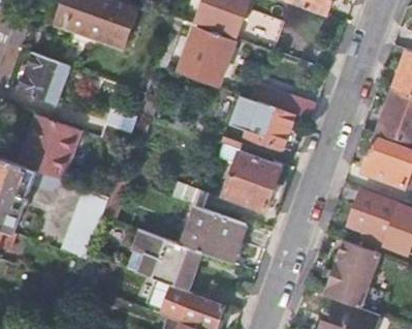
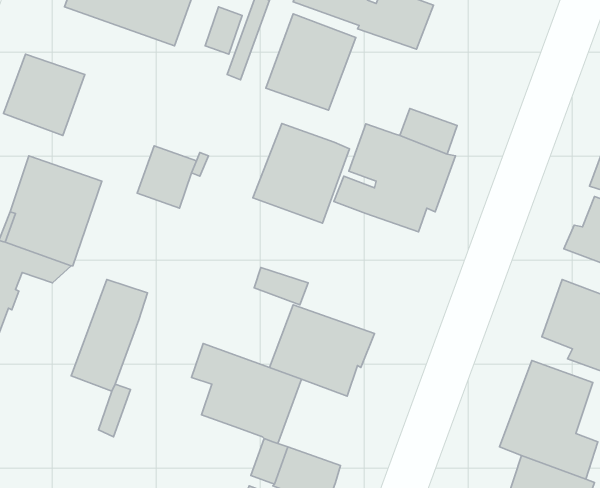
building: [222,150,281,211] -> [253,123,349,223]

